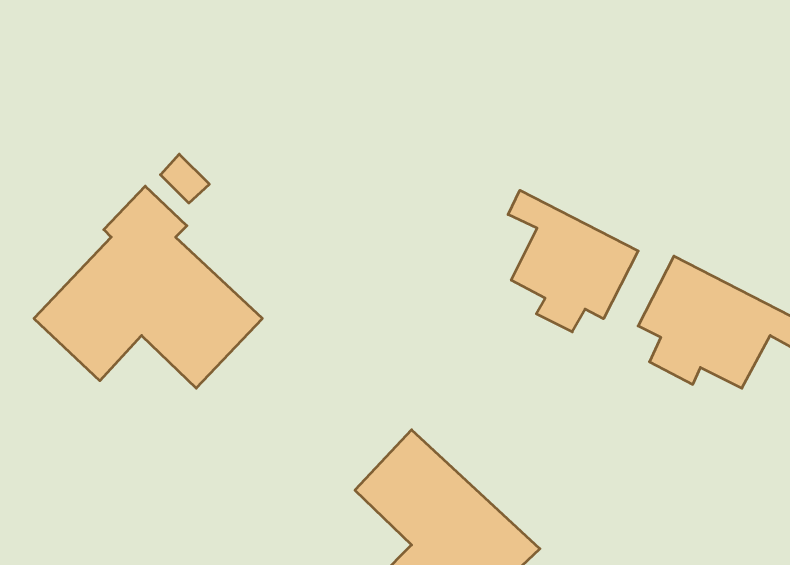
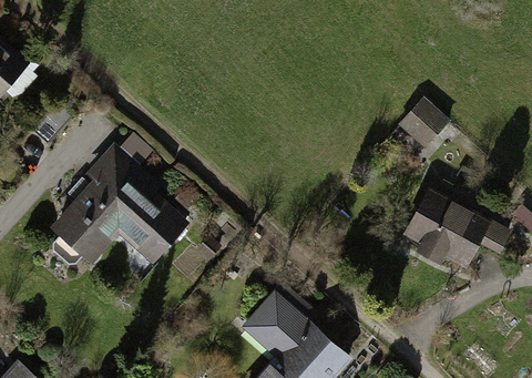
building: none -> [398,96,450,149]
building: [508,190,638,332] -> none

